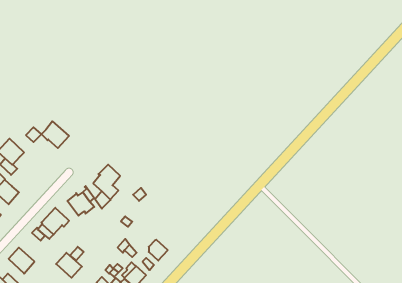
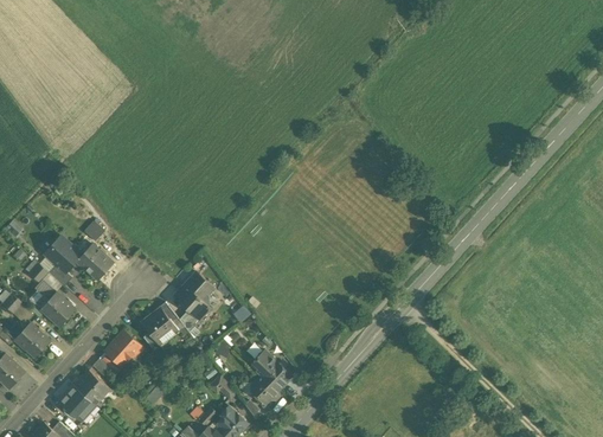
building: [41,121,69,148] -> [76,243,114,279]
building: none -> [255,351,291,388]
building: [56,253,82,278] -> [75,369,110,404]

